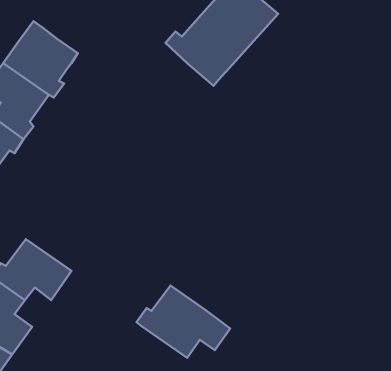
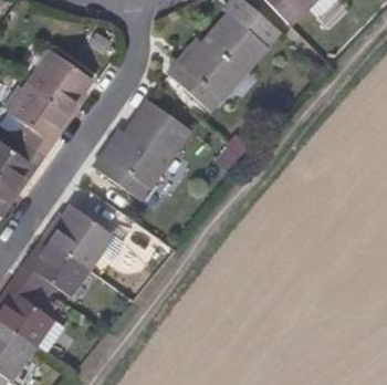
building: none -> [95,100,190,198]
building: [136,285,230,358] -> [42,207,124,270]

